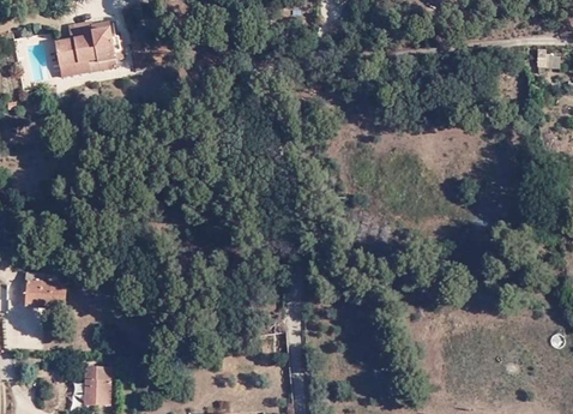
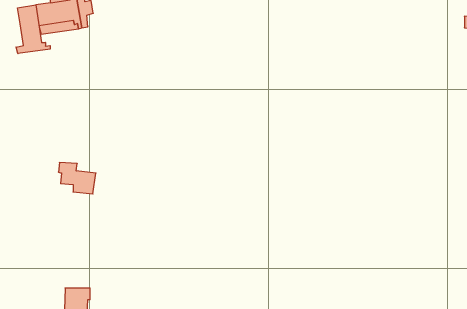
building: none -> [16,5,50,54]
building: [24,274,67,310] -> [58,163,96,194]

